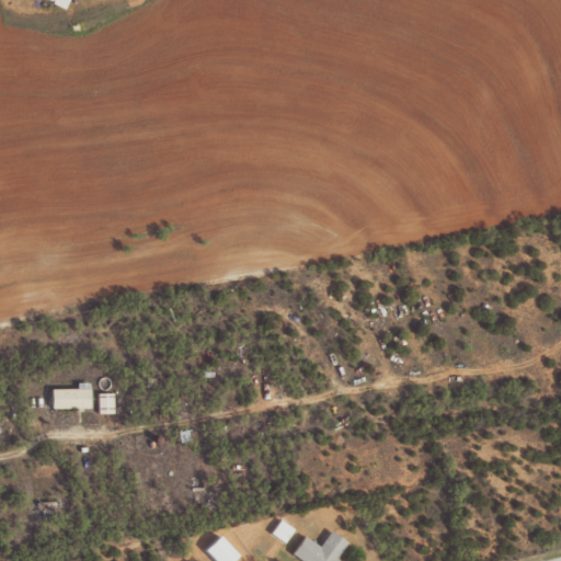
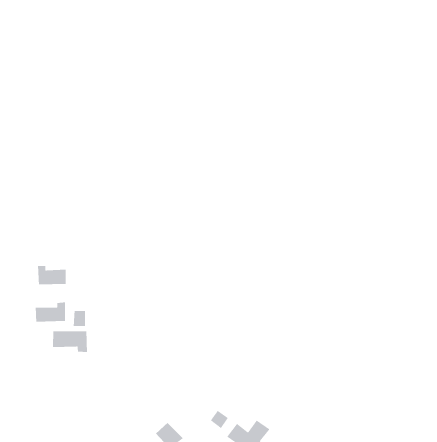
building: none -> [37,265,67,285]
building: none -> [52,330,88,353]

